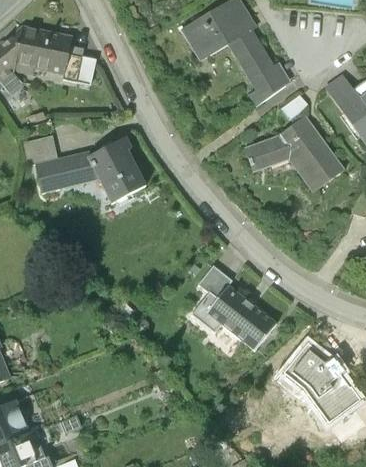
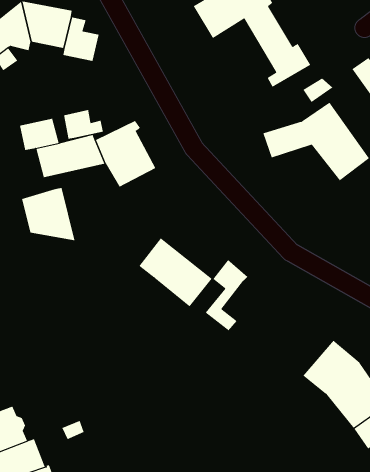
building: none -> [63,109,103,140]
building: none -> [21,187,75,241]
building: [207,284,275,348] -> [139,238,212,307]

